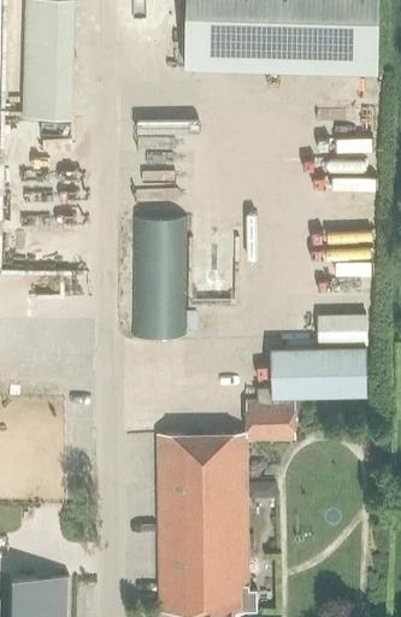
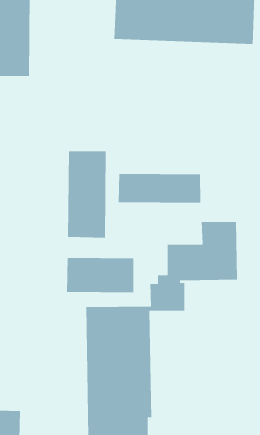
building: none -> [118,173,201,204]
building: none -> [66,257,134,293]

